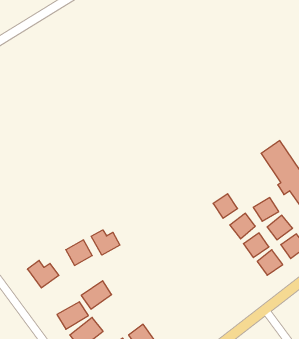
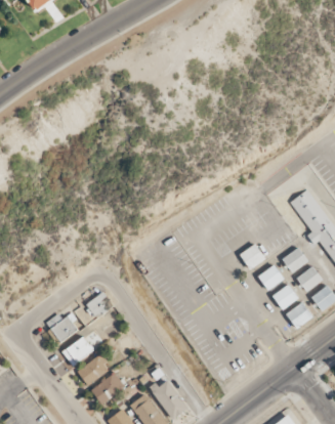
building: [91,230,120,255] -> none
building: [81,281,112,309] -> [61,336,93,366]

